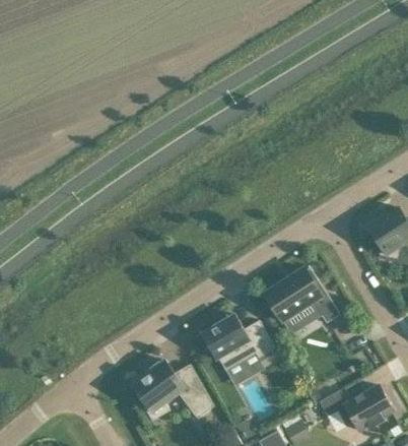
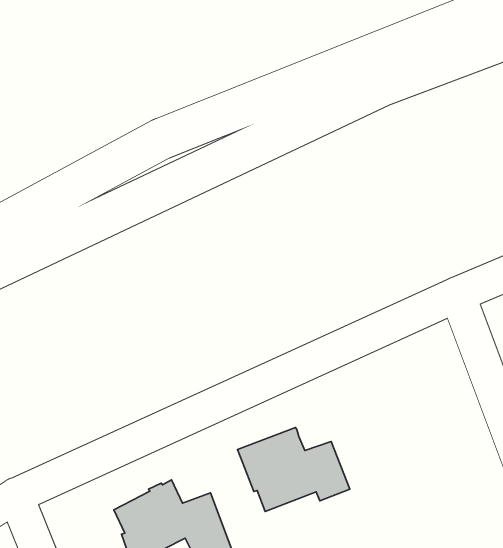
building: [263,267,339,325] -> none

